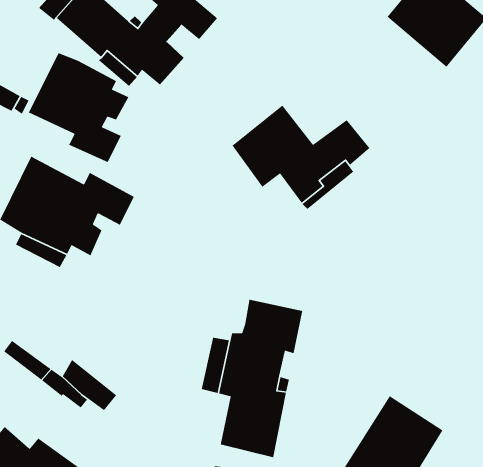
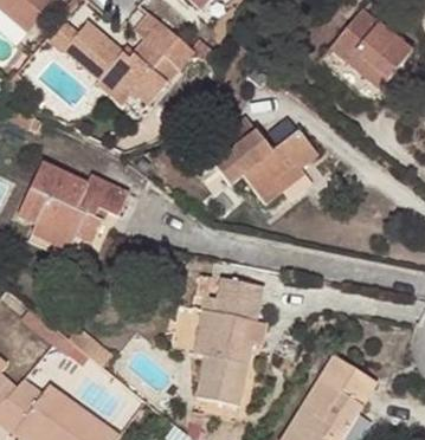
building: [28,52,130,163] -> none

